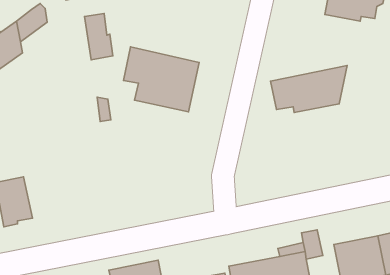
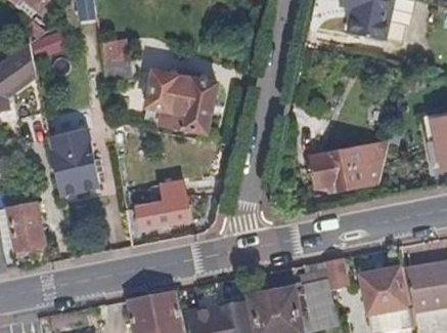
building: [270,65,347,113] -> [309,141,389,191]
building: none -> [45,118,98,196]
building: none -> [135,181,189,228]

